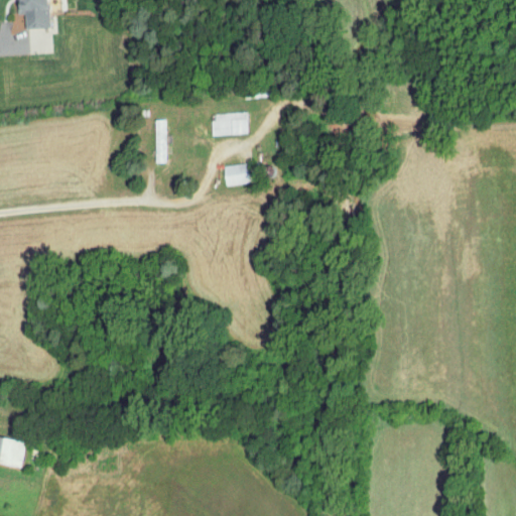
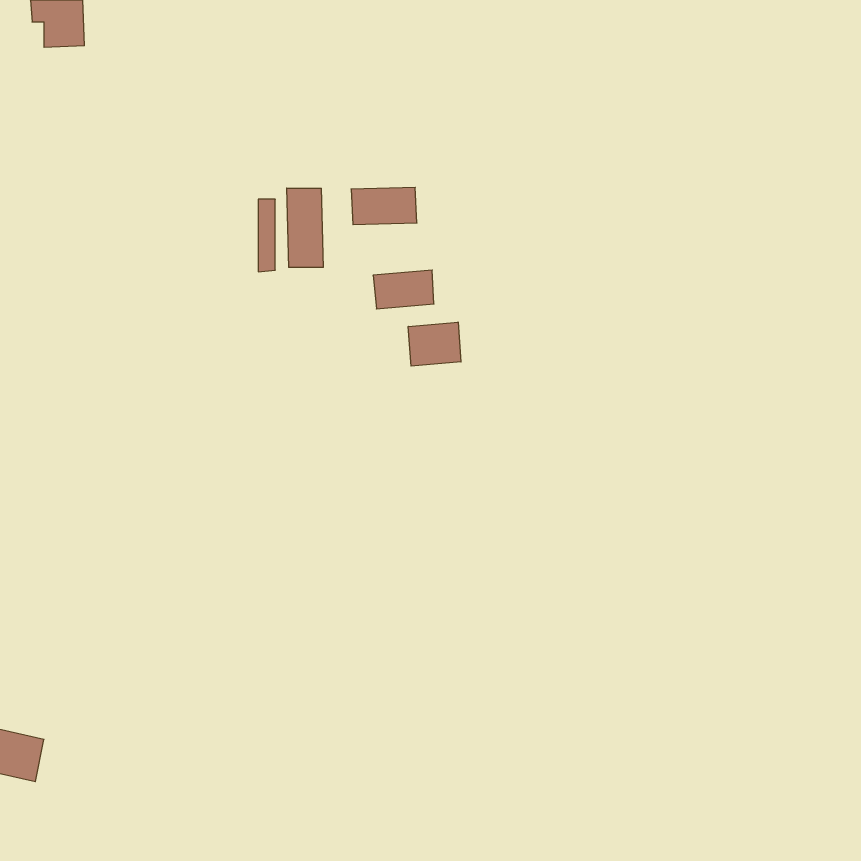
building: none -> [287,188,323,267]
building: none -> [408,322,461,366]

